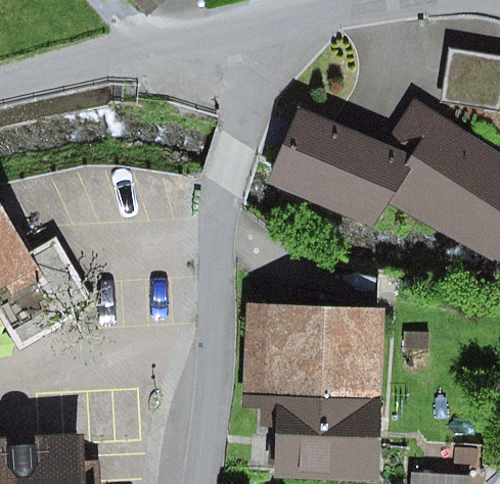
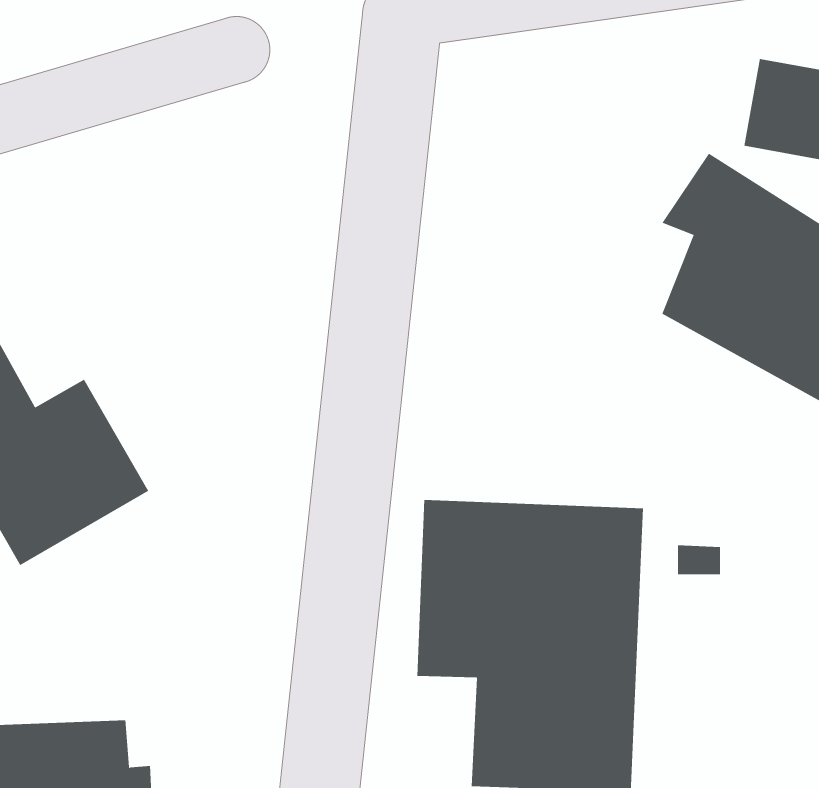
building: [274,110,409,226] -> none

